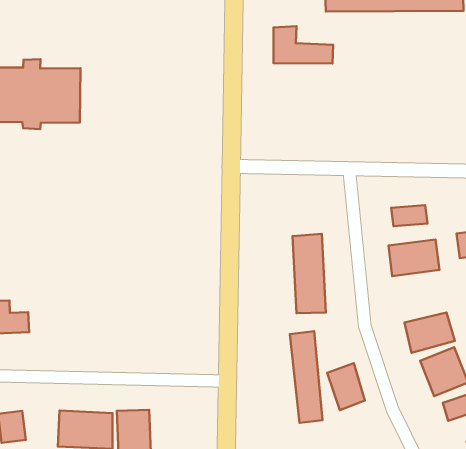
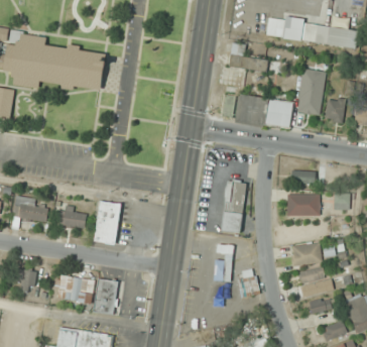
building: none -> [296,69,326,116]
building: none -> [324,97,346,122]
building: none -> [235,95,292,129]
building: none -> [94,201,121,244]
building: none -> [57,205,87,229]

